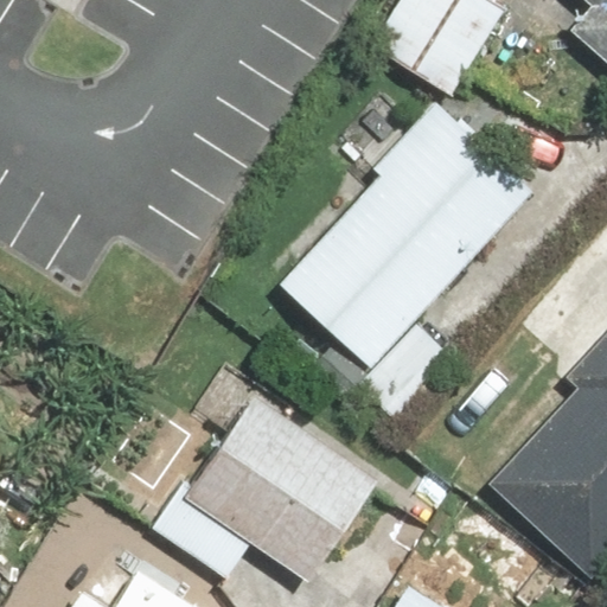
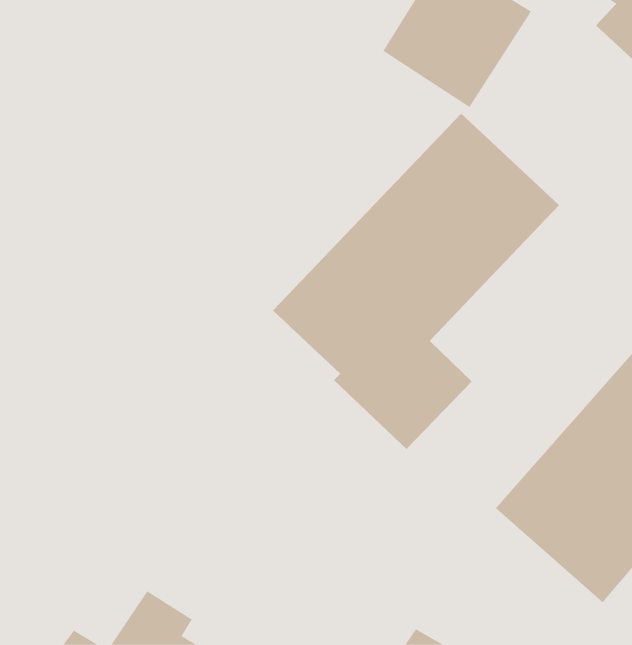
building: [154,395,377,582] -> none

